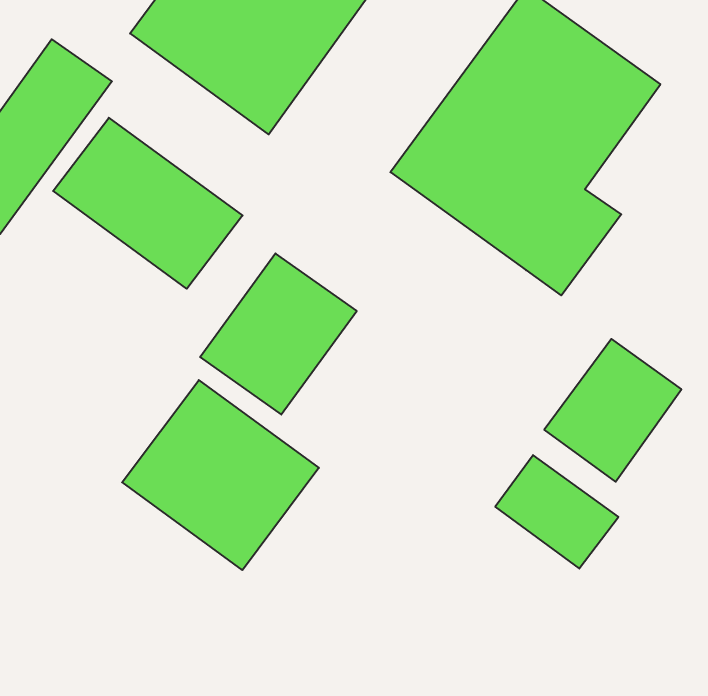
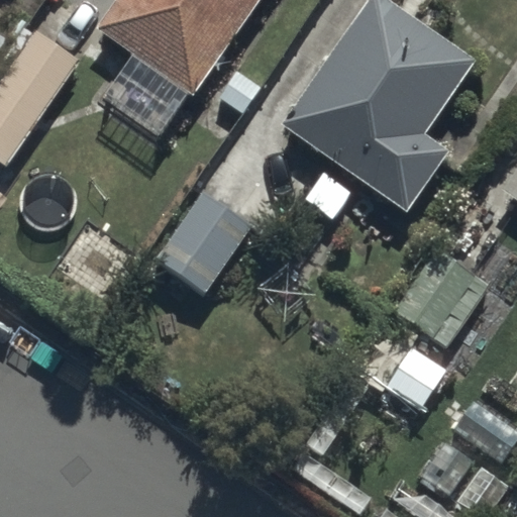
building: [53,118,243,289] -> none
building: [122,380,319,570] -> none

